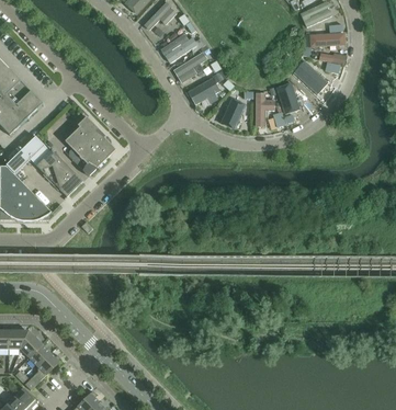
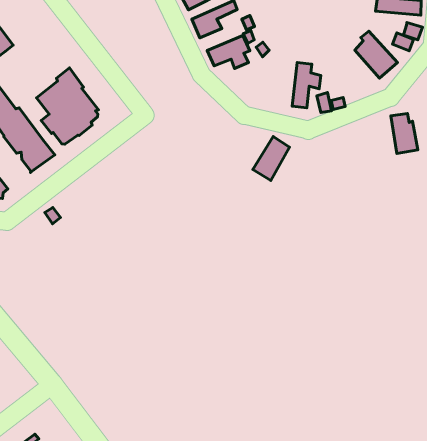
building: [278,81,301,112] -> [391,113,418,153]
building: [220,95,246,128] -> [253,137,289,181]

